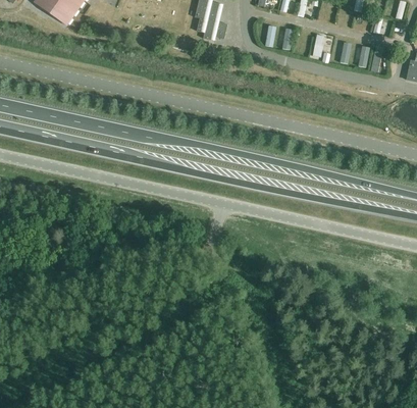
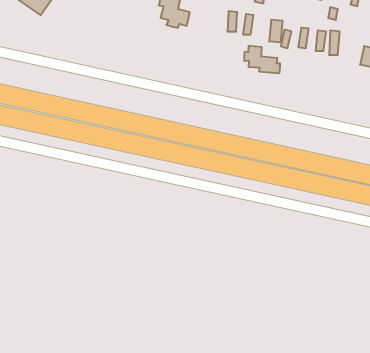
building: none -> [244,46,280,73]

